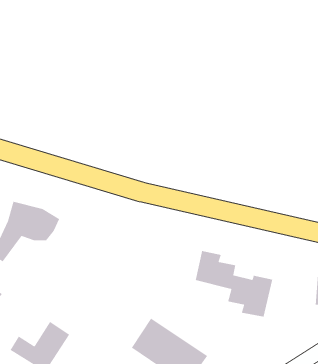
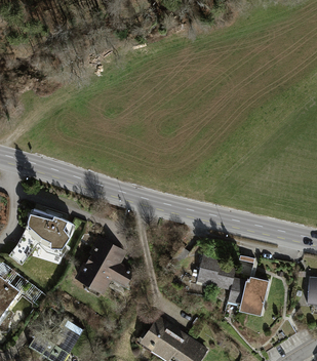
building: none -> [74,236,134,294]

